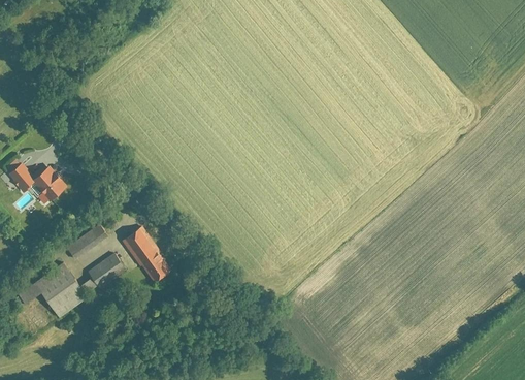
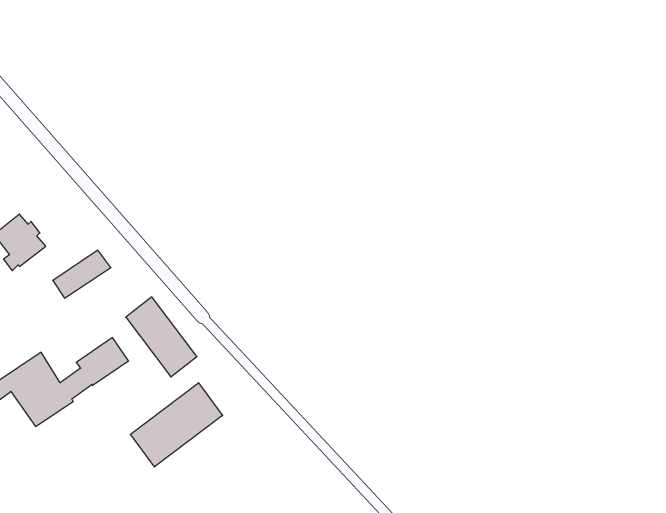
building: [65,225,106,259] -> [53,250,111,298]
building: none -> [130,383,223,467]

